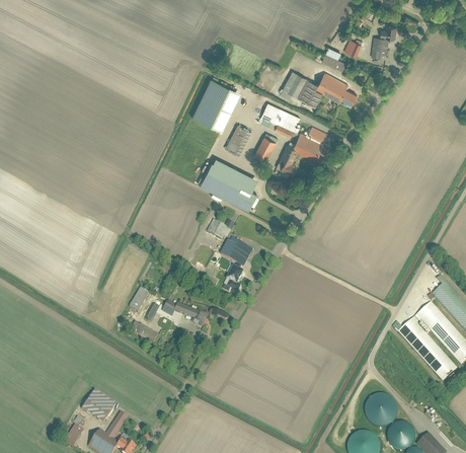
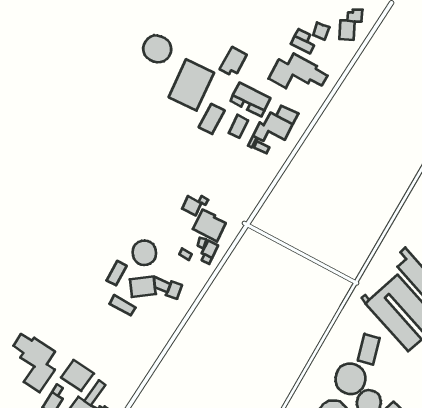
building: none -> [143,35,171,62]
building: [279,70,307,98] -> [220,47,247,74]
building: [201,157,257,210] -> none
building: none -> [133,240,156,265]
building: none -> [358,334,380,365]
building: none -> [13,334,55,392]

